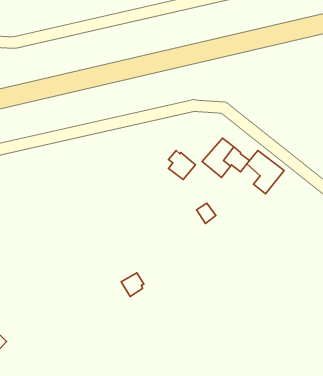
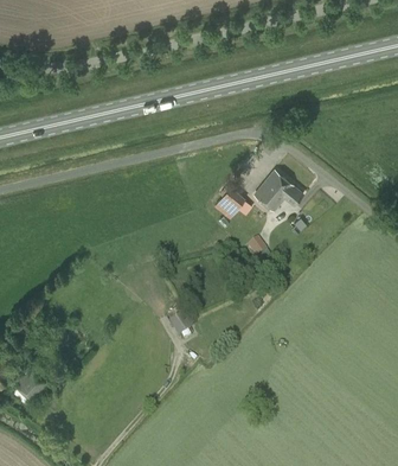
building: [247,150,284,194] -> none

